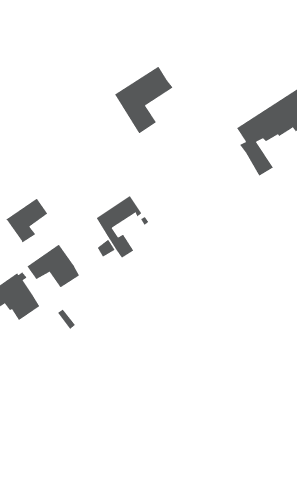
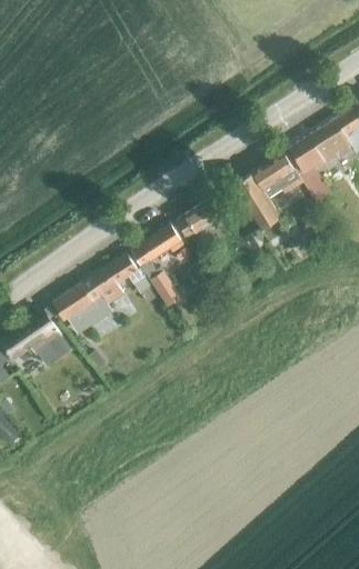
building: [114,66,174,134] -> [232,152,299,229]
building: none -> [176,193,229,239]
building: [5,198,48,243] -> [89,253,137,305]

